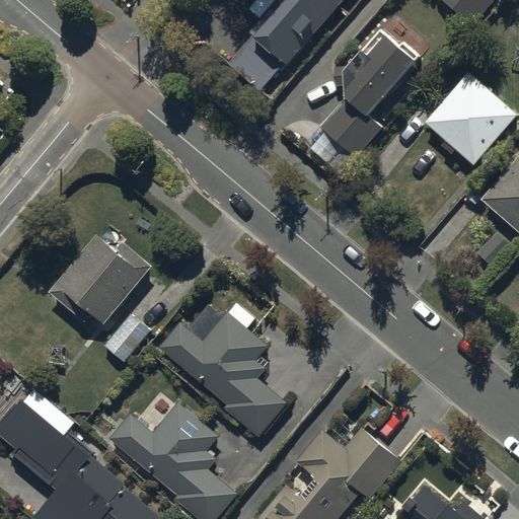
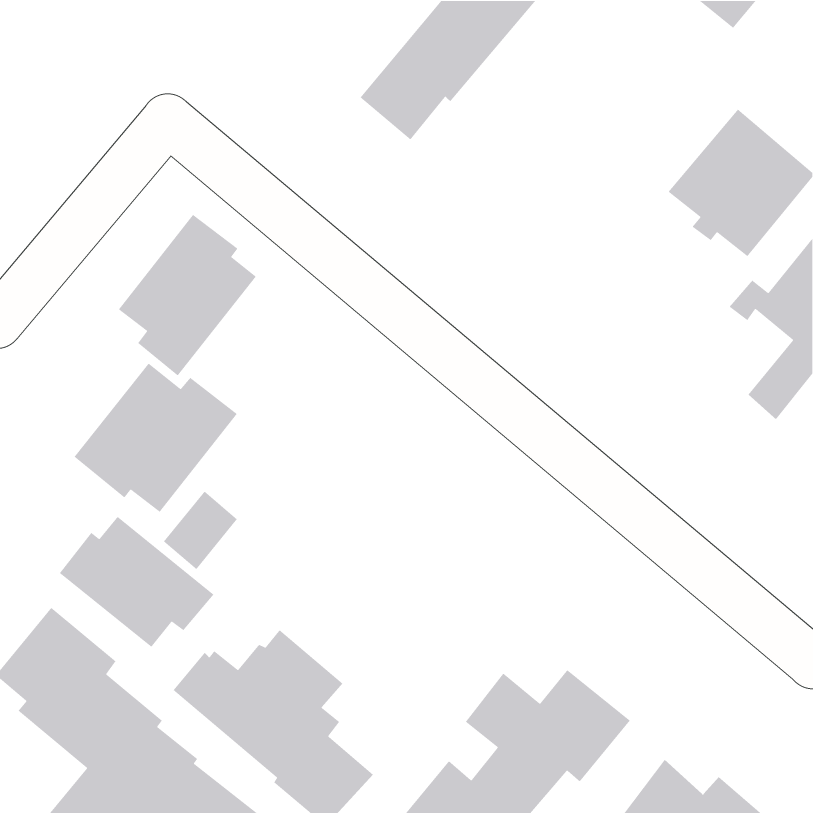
building: [319,28,419,158] -> none
building: none -> [118,214,257,377]
building: [158,302,288,438] -> none
building: none -> [59,516,214,648]

